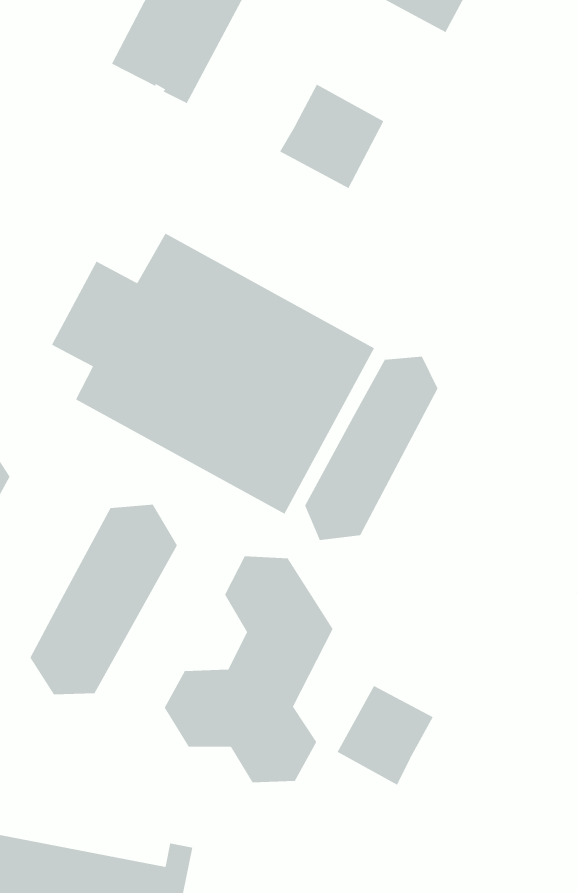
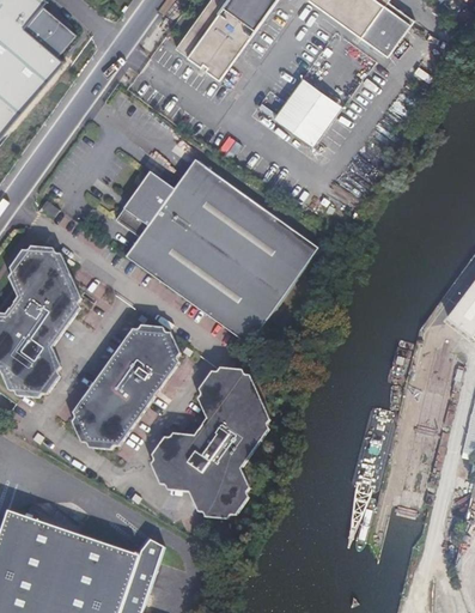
building: [305,356,438,541] -> none
building: [337,685,434,785] -> none

